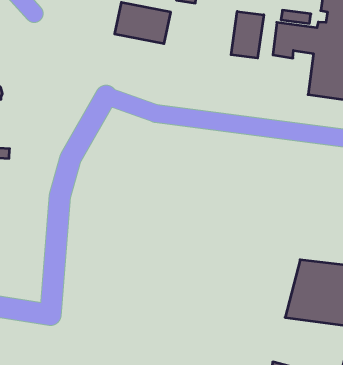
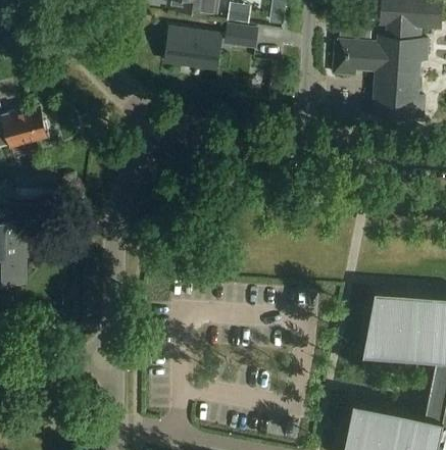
building: none -> [225,27,257,47]
building: [231,11,264,58] -> none

